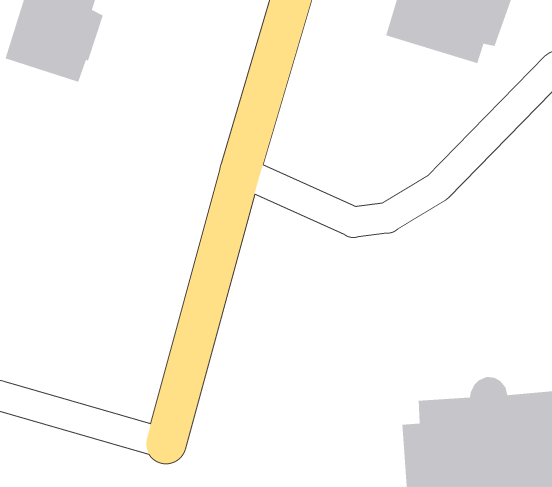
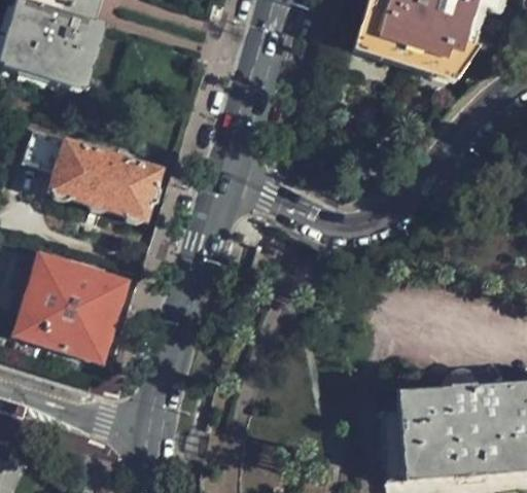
building: none -> [23,128,162,221]
building: none -> [16,257,124,360]

